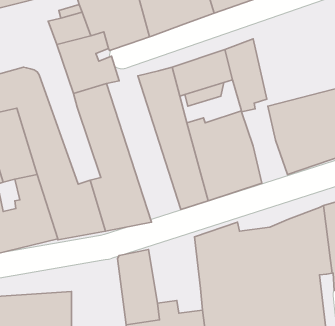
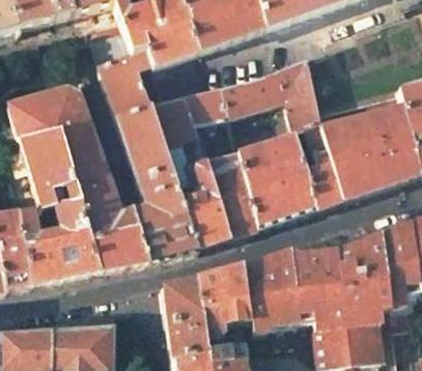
building: none -> [151,94,230,247]
building: none -> [307,119,343,208]
building: none -> [196,265,251,336]

